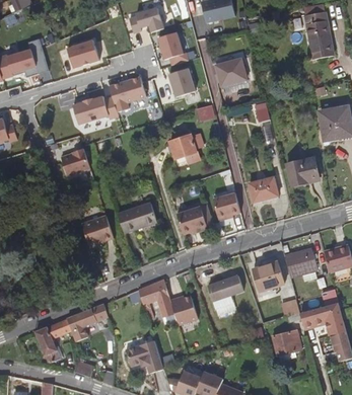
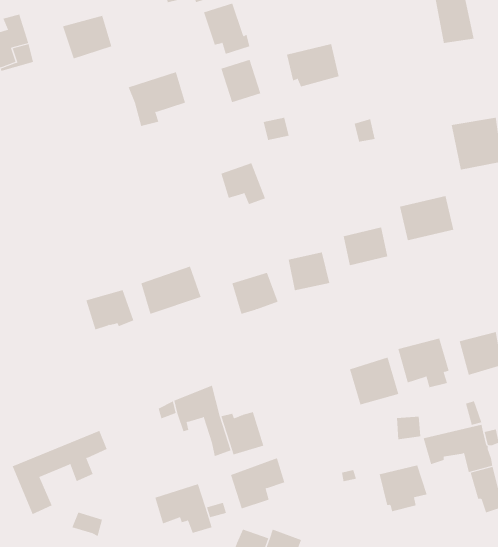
building: [73,95,118,124] -> none
building: [60,147,88,174] -> none
building: [207,274,242,308] -> [230,457,285,509]

